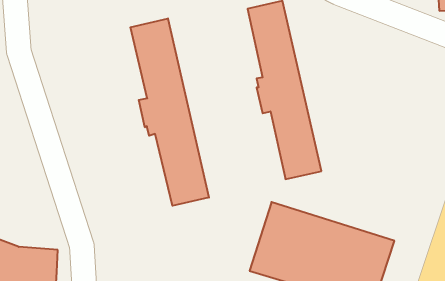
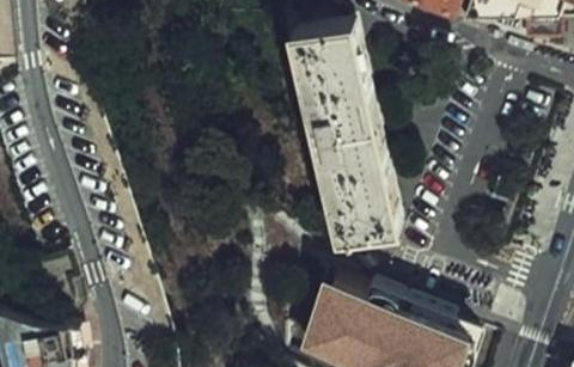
building: [130,18,209,206] -> none

